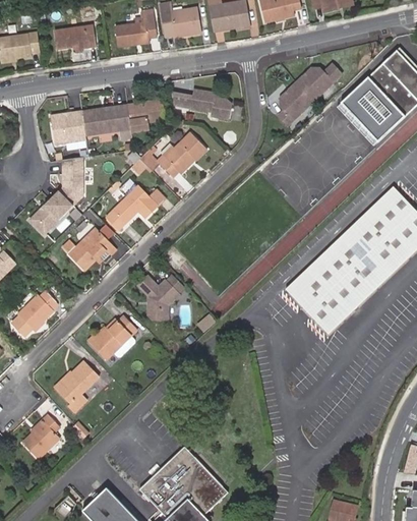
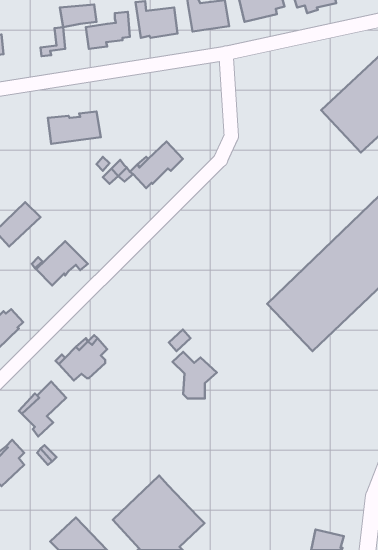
building: [54,27,88,49] -> [60,4,96,27]
building: [271,67,337,127] -> none
building: [171,92,232,121] -> none
building: [126,101,164,131] -> none
building: [49,112,84,144] -> none
building: [59,157,83,206] -> none
building: [107,179,167,231] -> none
building: [138,275,180,319] -> [173,352,217,398]

